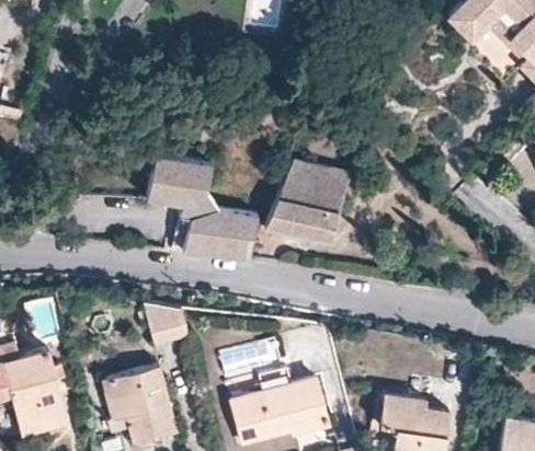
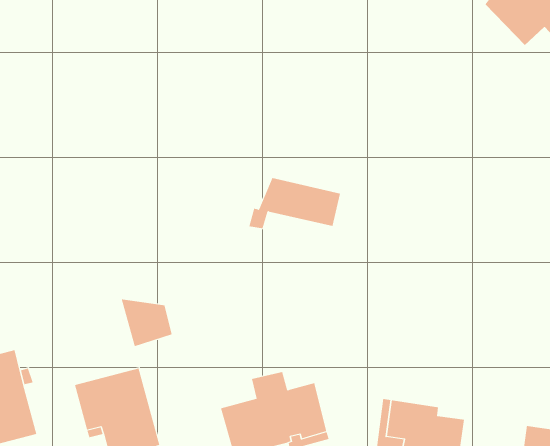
building: [148,152,259,258] -> none
building: [278,159,353,210] -> none

